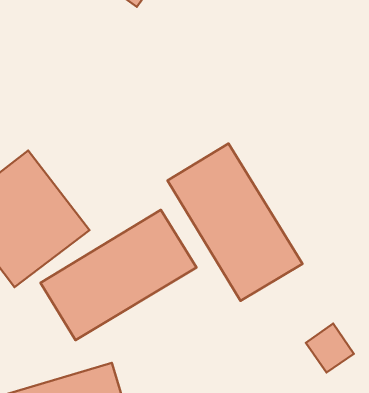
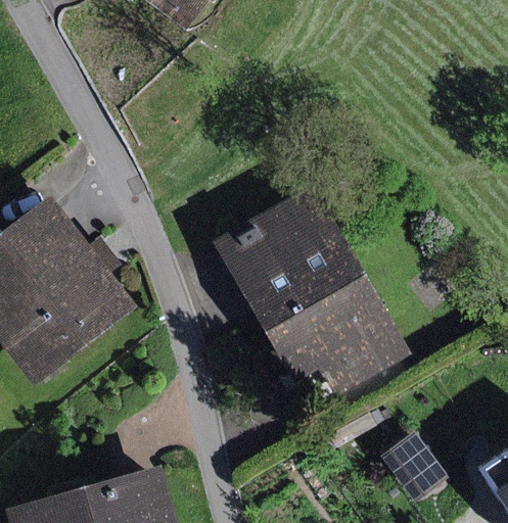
building: [41,210,196,340] -> none

